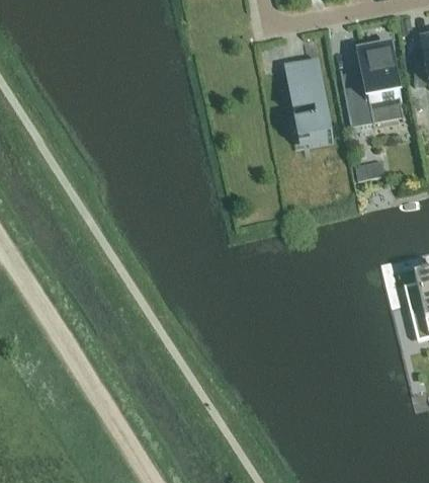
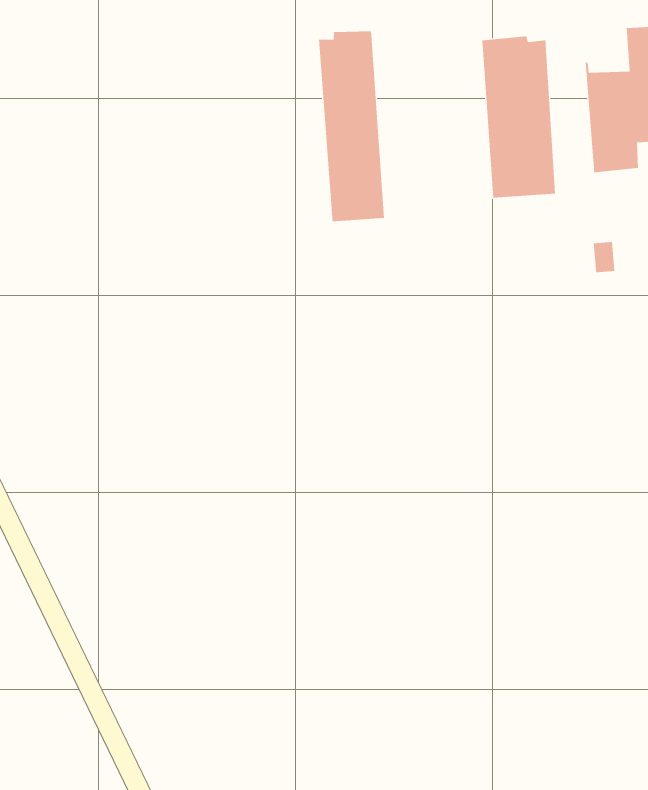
building: none -> [318,30,385,222]

